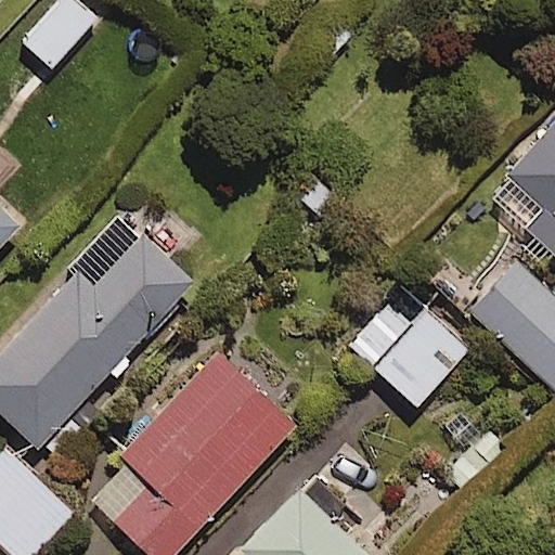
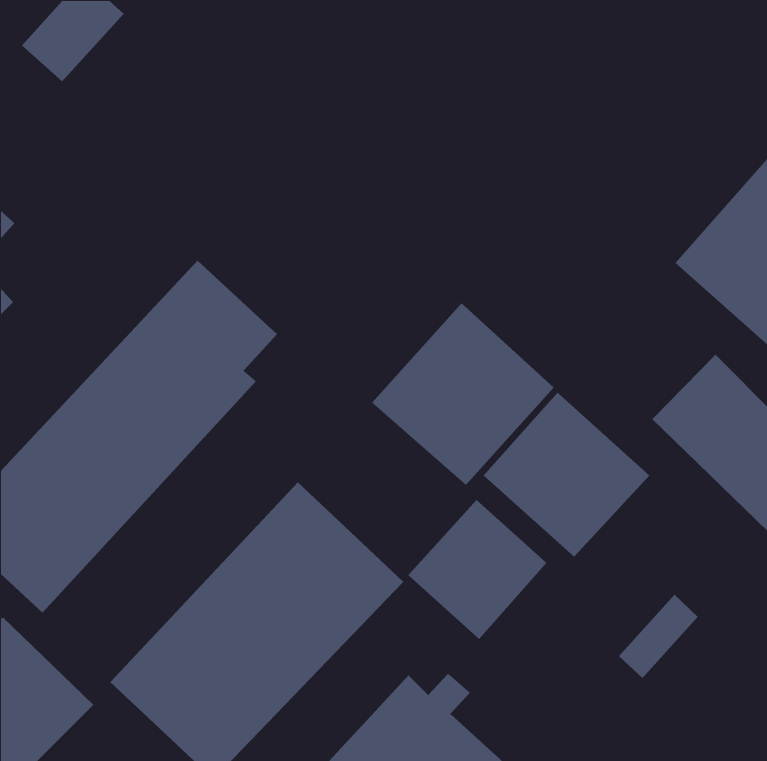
building: none -> [371,303,555,486]
building: none -> [408,499,547,640]

